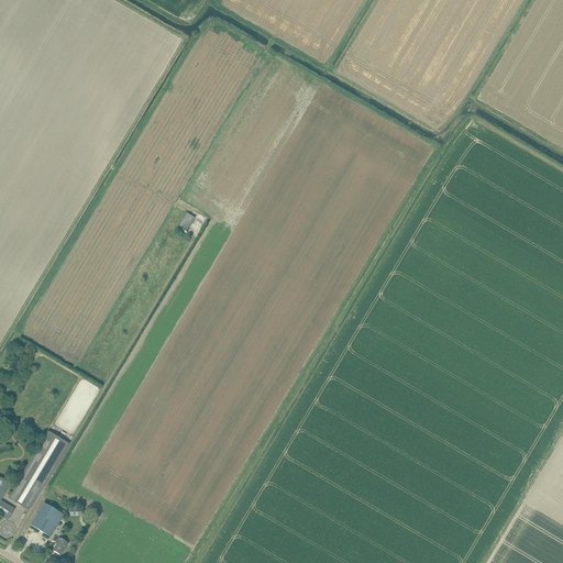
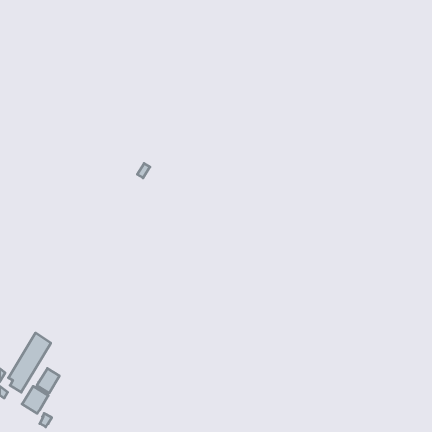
building: none -> [37,368,59,393]

